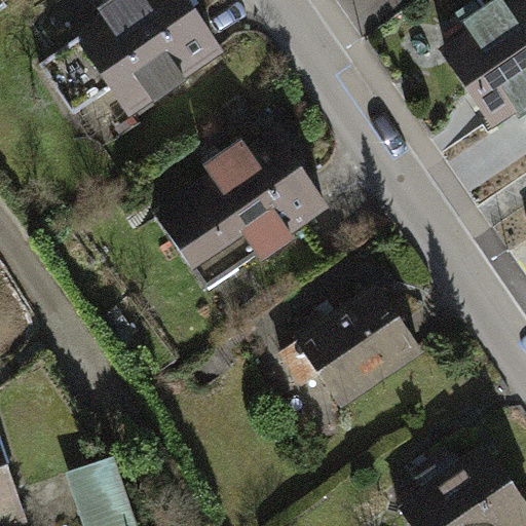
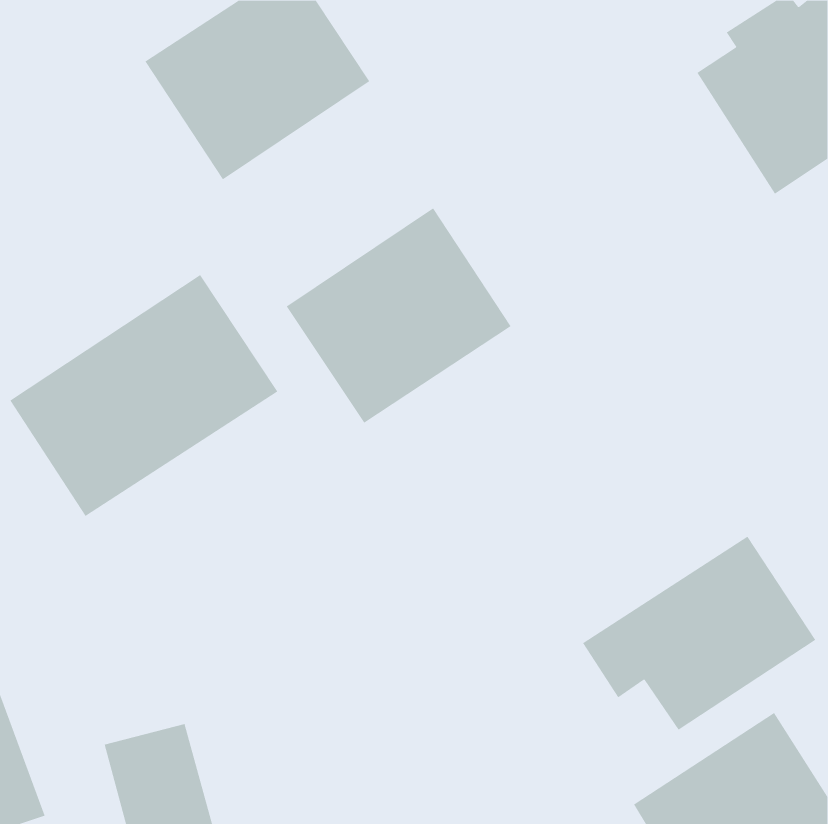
building: none -> [9,274,278,517]
building: [273,286,421,409] -> [582,536,816,731]

